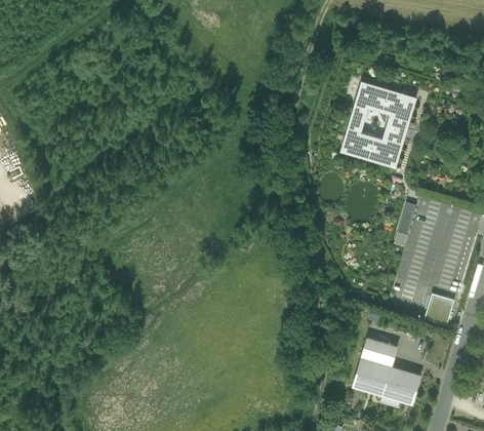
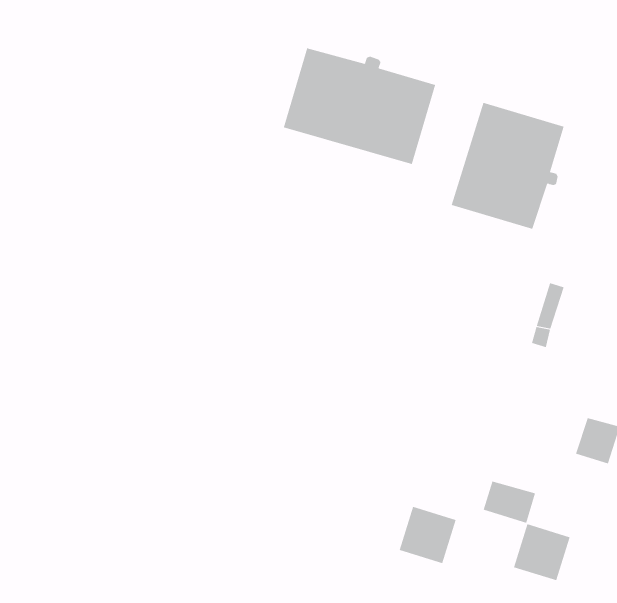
building: none -> [283,48,436,165]
building: [352,357,391,396] -> [399,506,456,564]

